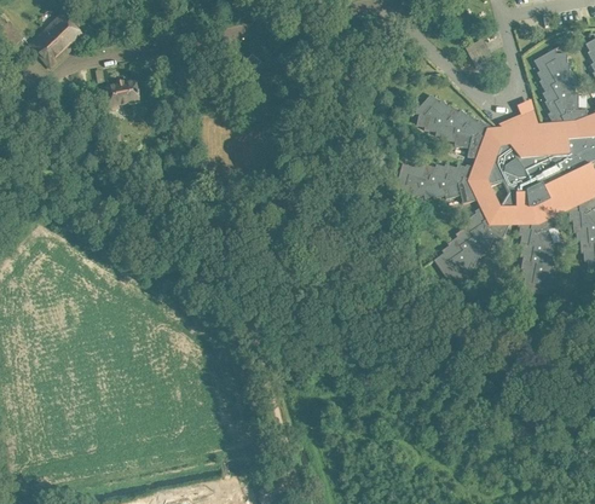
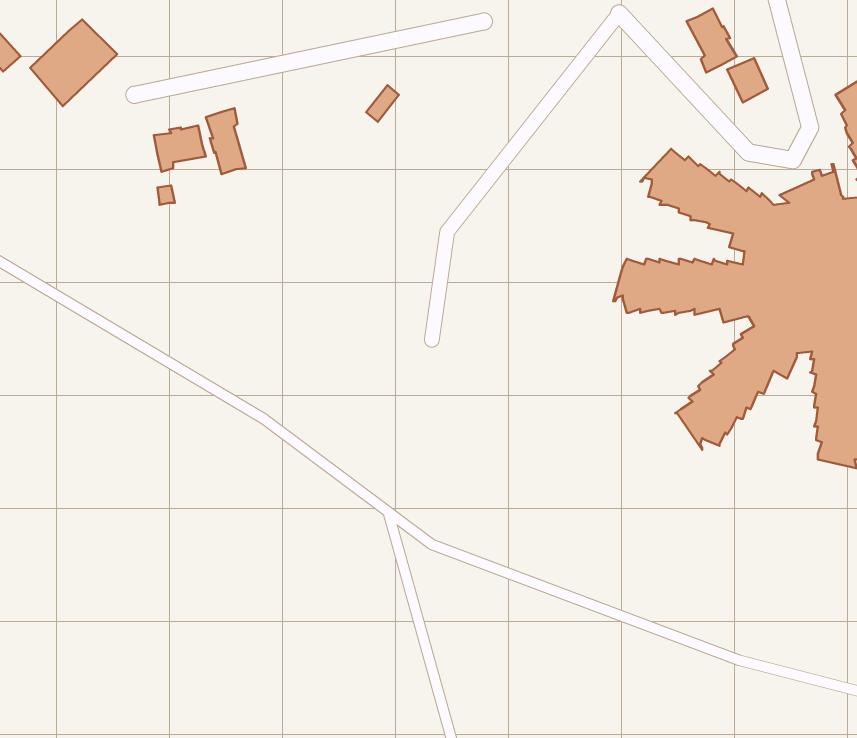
building: none -> [686,9,737,73]
building: none -> [206,108,246,174]

